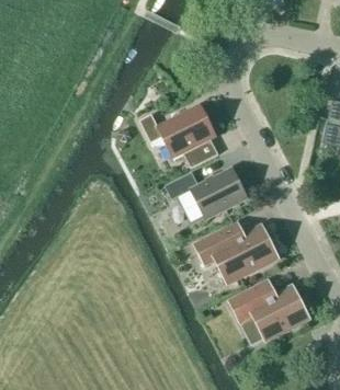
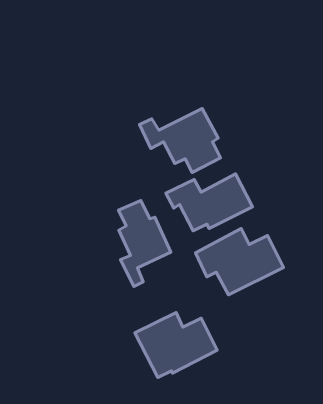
building: none -> [119,200,171,287]
building: [229,282,308,344] -> [135,312,217,378]

